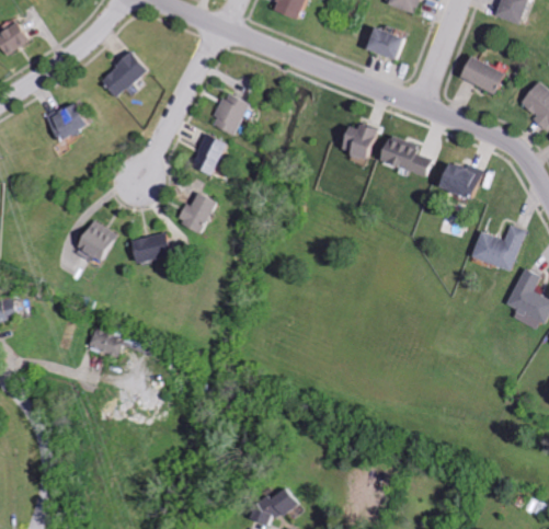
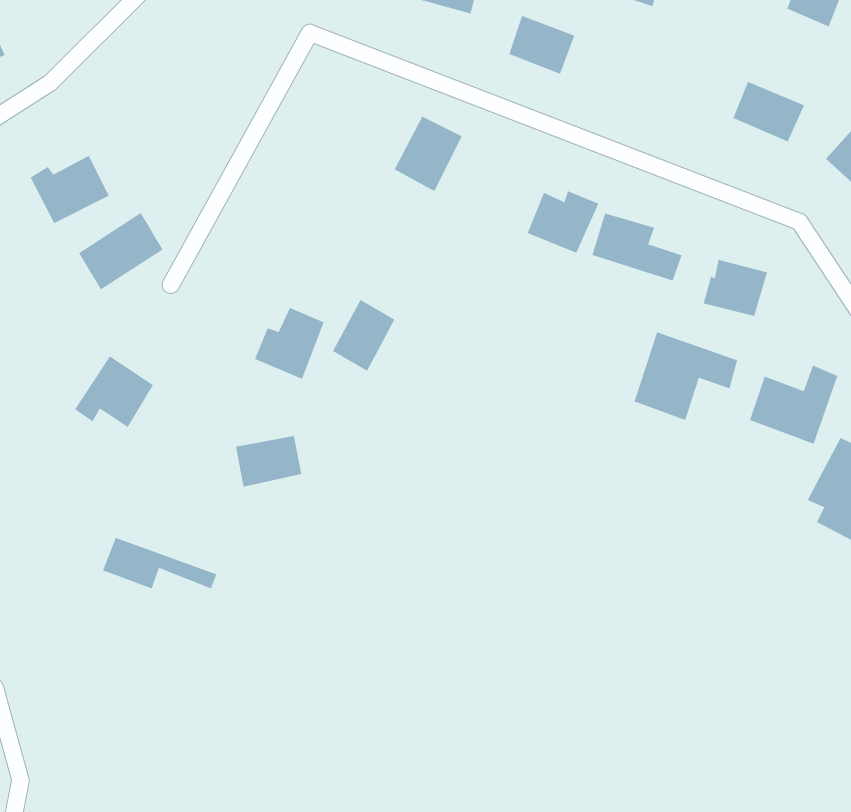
building: [368,25,408,60] -> [508,15,575,74]
building: [99,50,149,96] -> [78,212,163,290]
building: [211,90,252,135] -> [394,116,463,192]
building: [192,131,229,174] -> [332,299,395,371]
building: none -> [634,331,738,421]
building: [133,232,172,263] -> [235,435,302,487]

